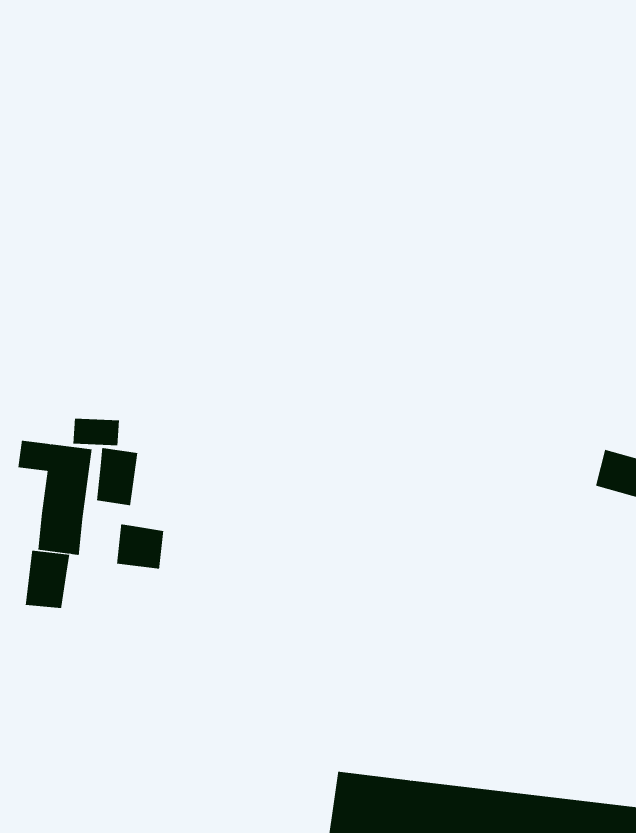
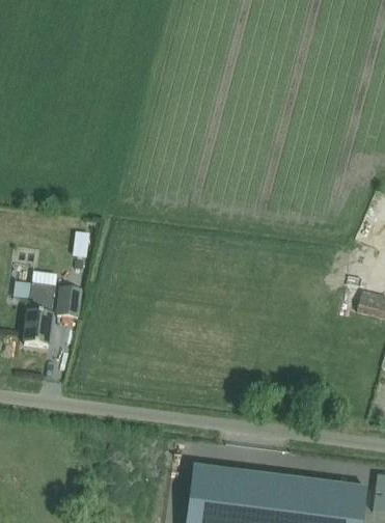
building: [116,523,164,570] -> none
building: [25,550,70,609] -> none

